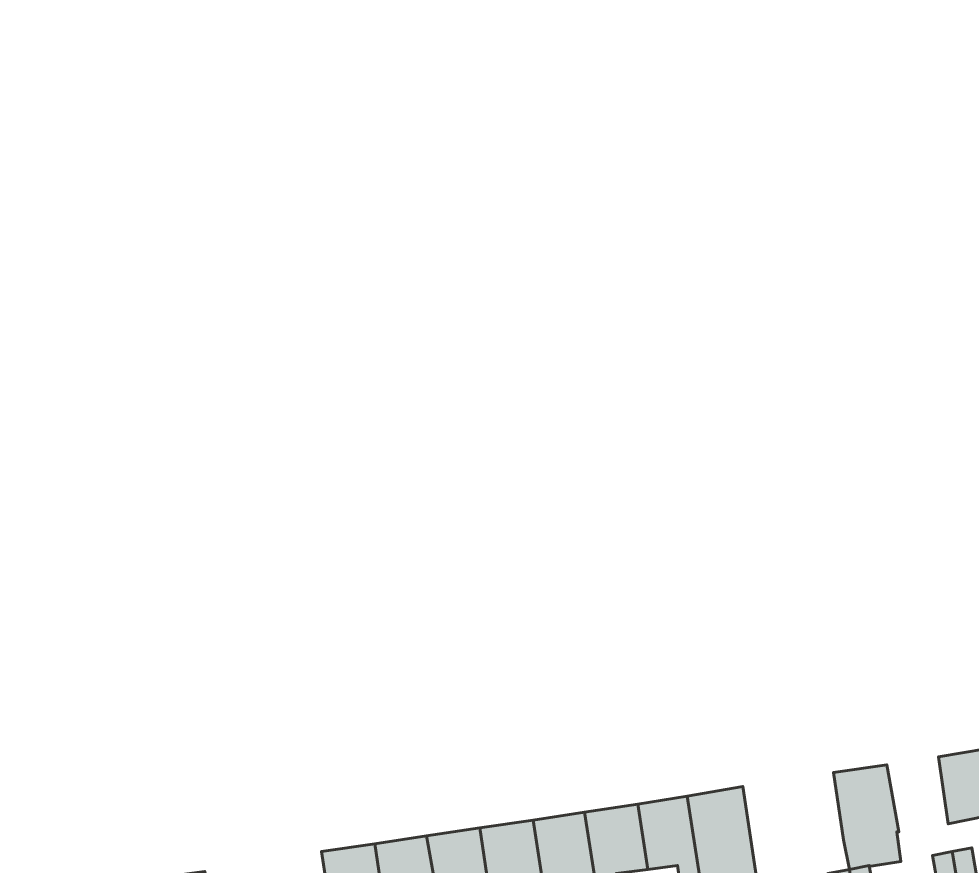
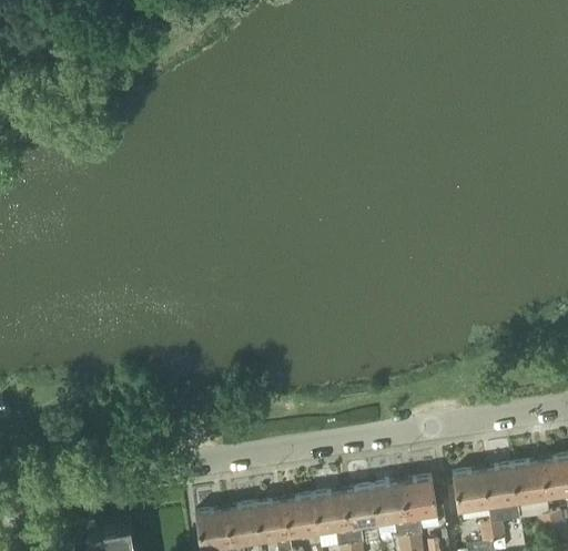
building: none -> [511,462,546,504]
building: none -> [452,471,487,513]

